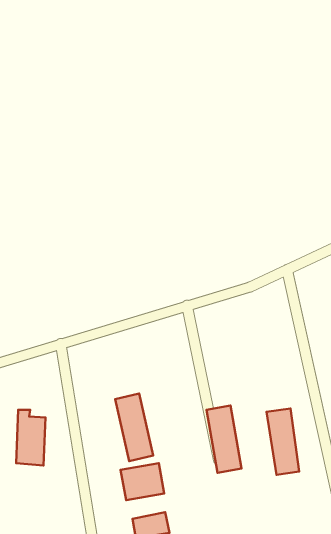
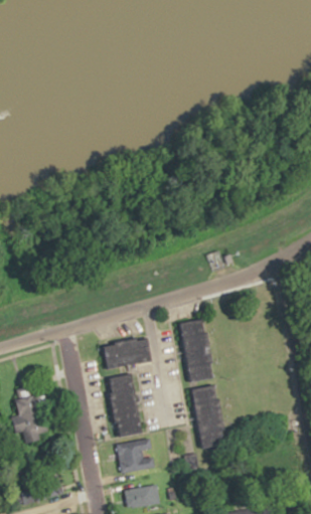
building: none -> [102,338,151,369]
building: [267,408,299,475] -> [181,321,211,382]

